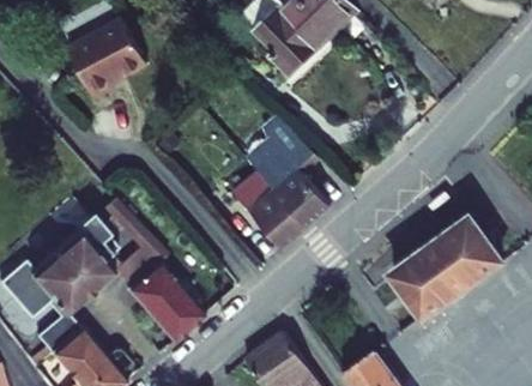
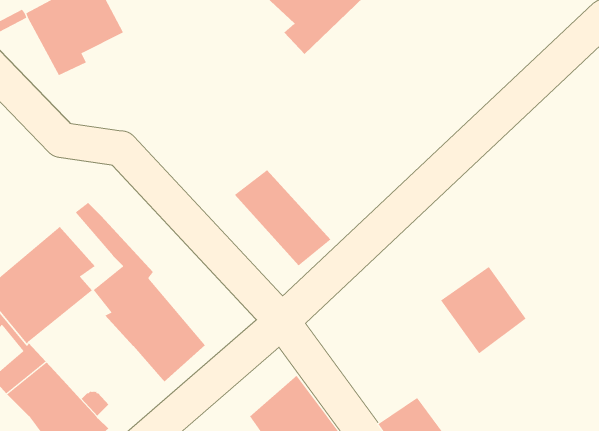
building: [236,113,334,229] -> none
building: [436,221,507,292] -> none

